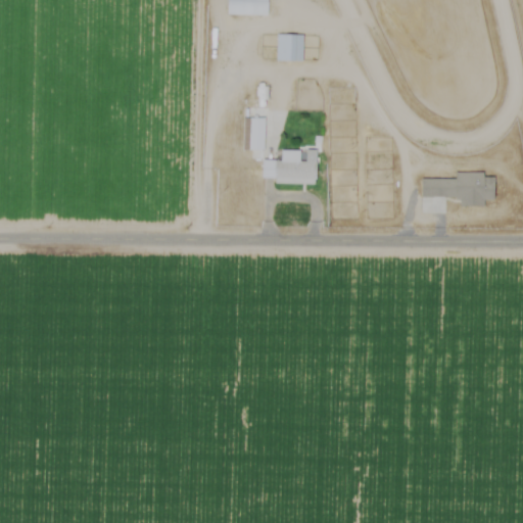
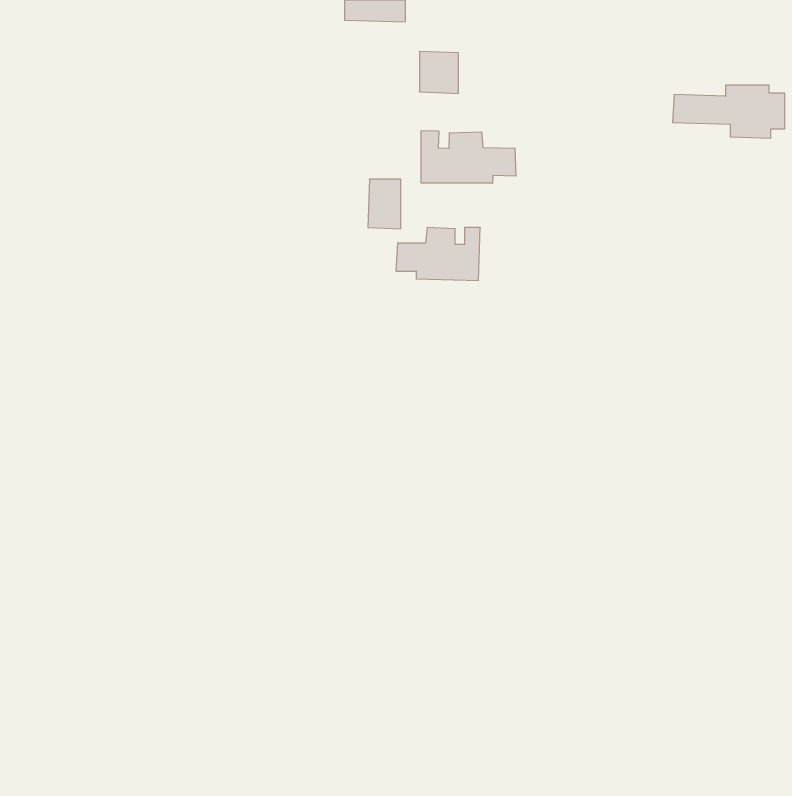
building: none -> [421,131,516,183]
building: [422,172,495,206] -> [673,85,785,138]

